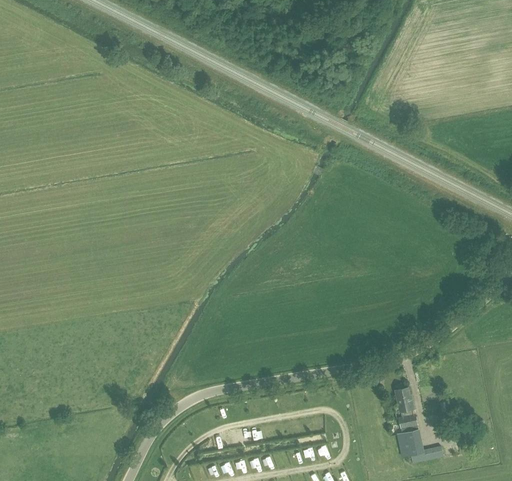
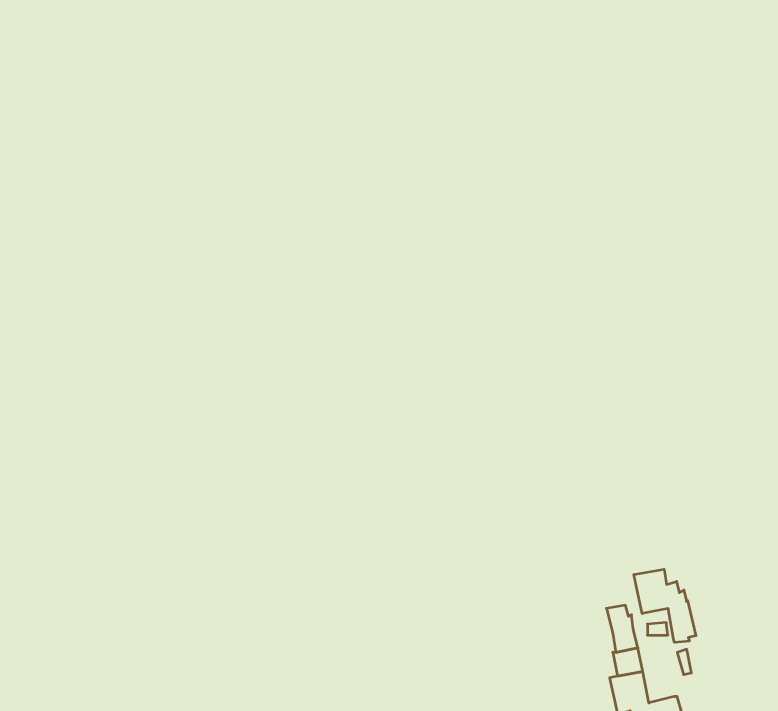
building: none -> [634,569,696,642]

